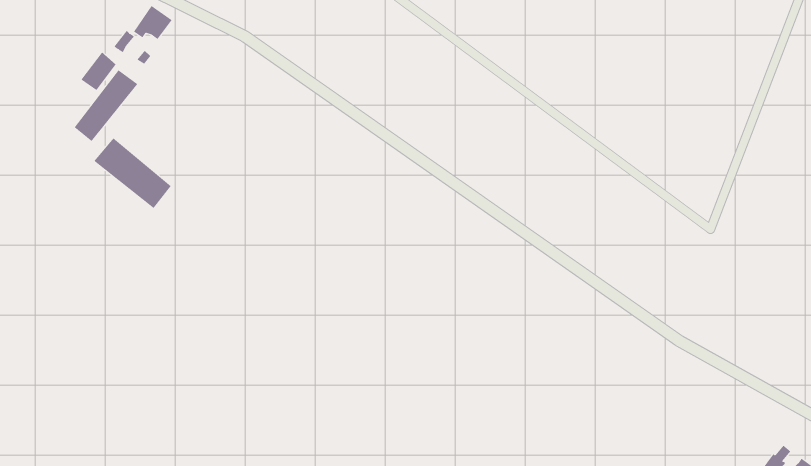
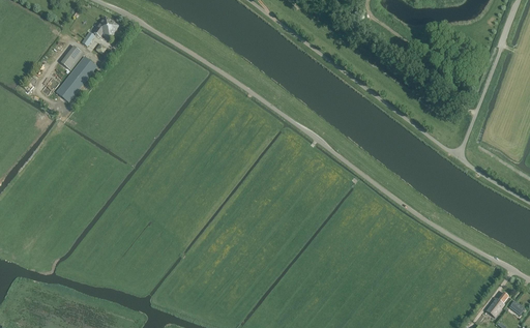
building: [94,137,171,209] -> none

